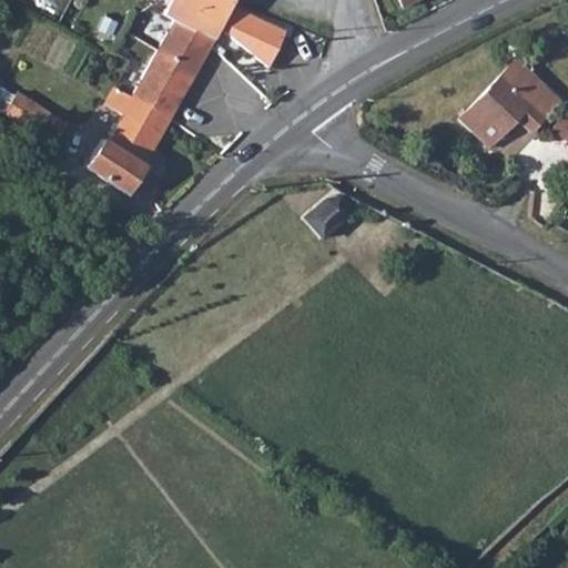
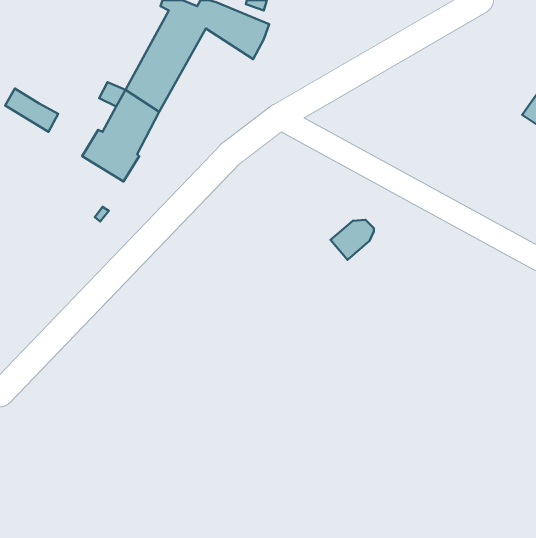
building: [458,58,557,145] -> none
building: [304,199,349,241] -> [331,220,374,260]

